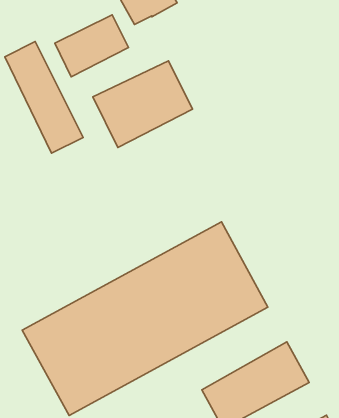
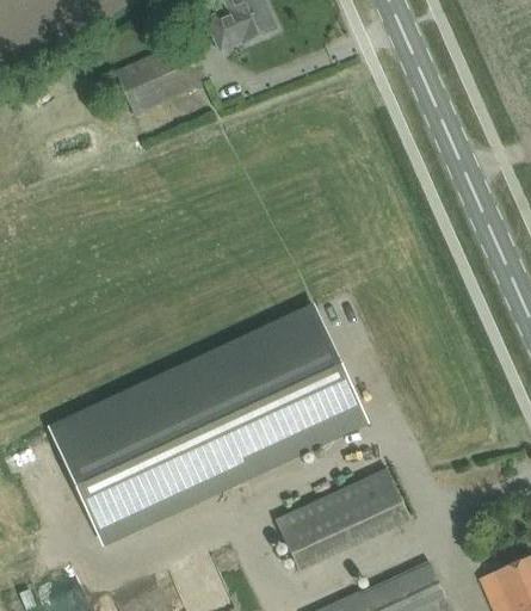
building: [5,42,83,153] -> none
building: [93,61,192,147] -> none

